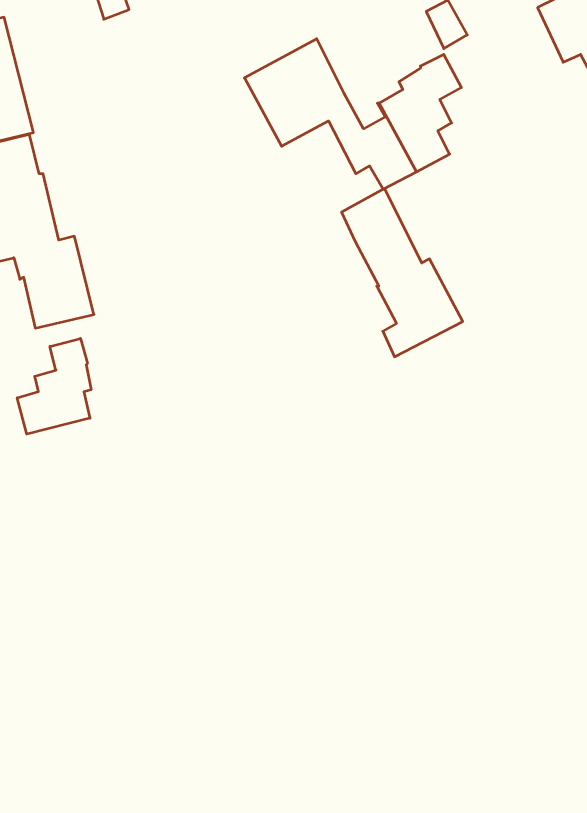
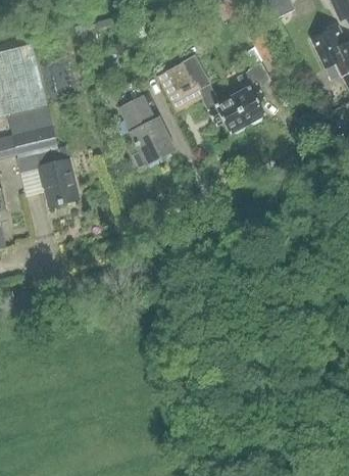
building: [342,189,463,357] -> [111,81,174,169]
building: [17,338,91,434] -> none

